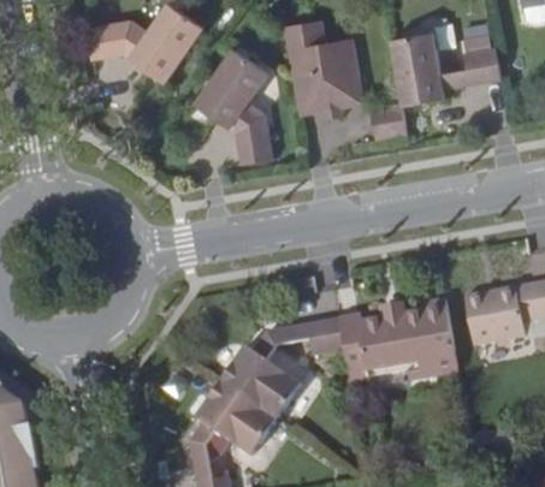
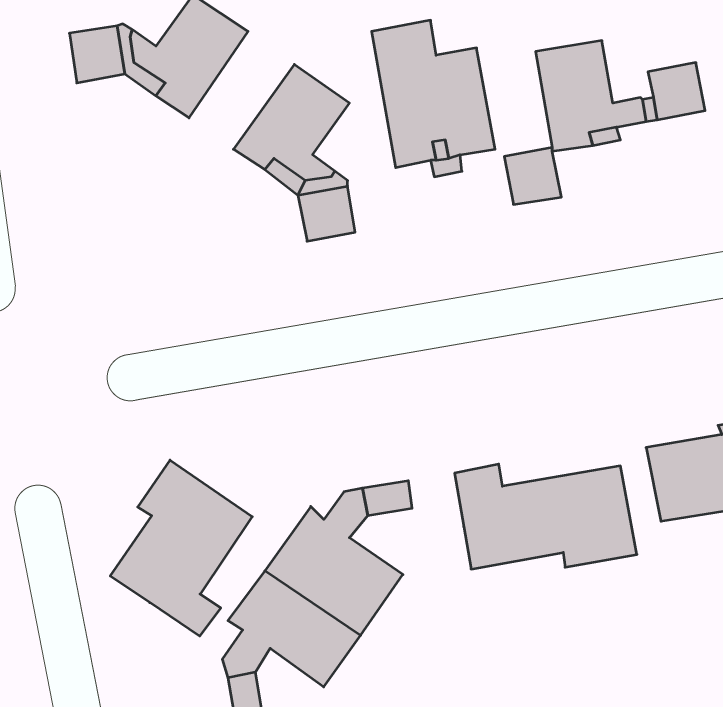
building: none -> [110,460,252,636]
building: [308,315,344,356] -> none

